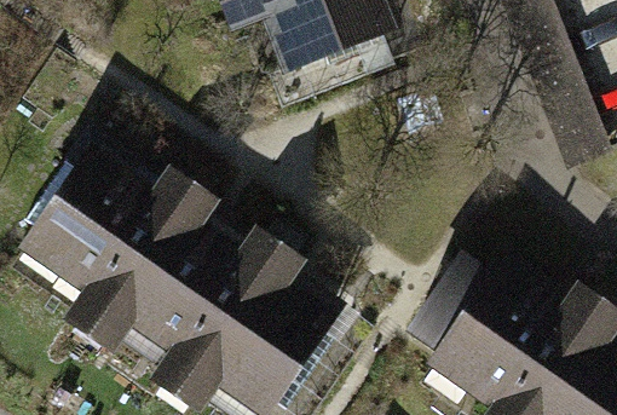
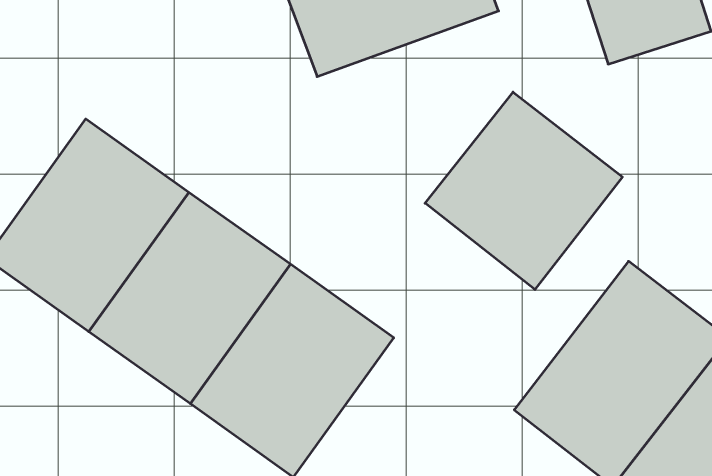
building: none -> [425,92,622,290]

